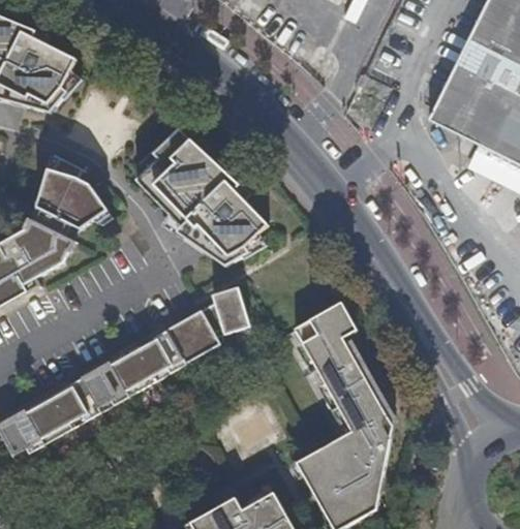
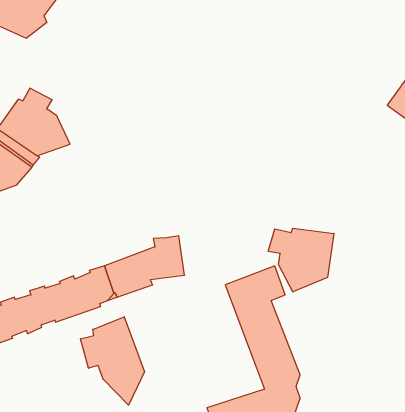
building: [137,127,267,268] -> none
building: none -> [268,228,334,292]
building: none -> [80,317,144,405]

